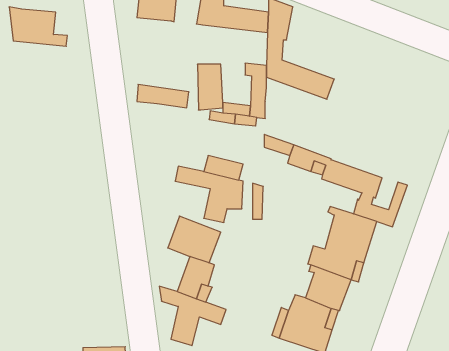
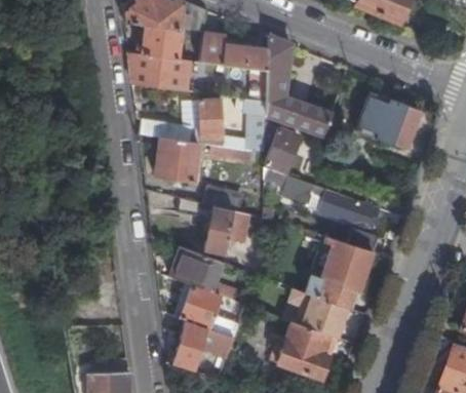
building: [9,7,67,46] -> [128,52,185,90]
building: none -> [357,92,419,148]
building: none -> [265,122,300,171]
building: none -> [155,137,198,181]

